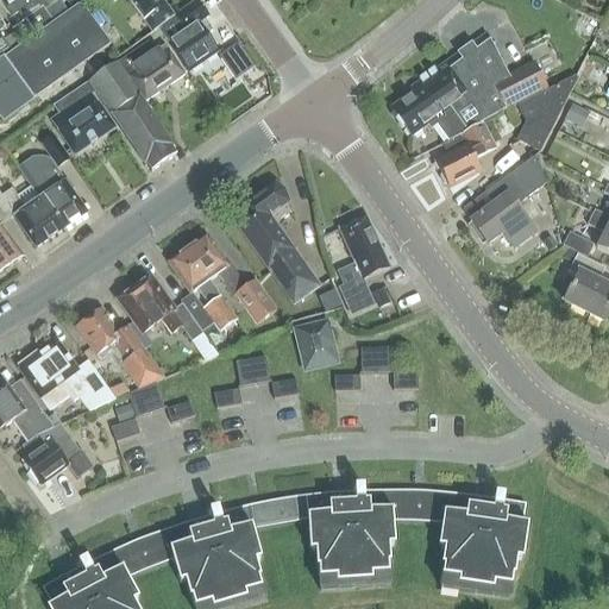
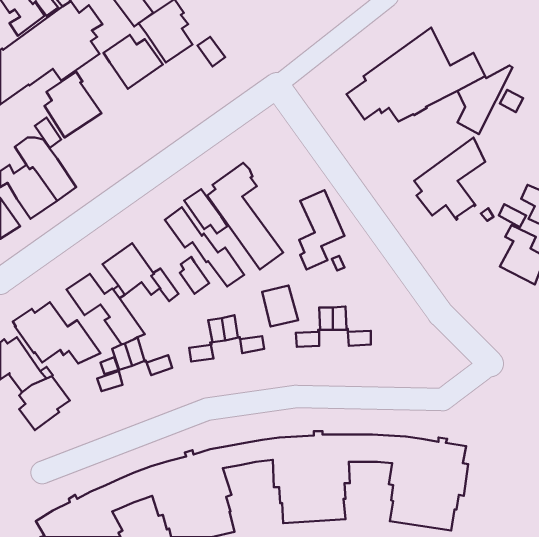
building: [87,61,176,169] -> none
building: [435,121,496,187] -> none
building: [168,247,216,297] -> [184,189,227,233]

